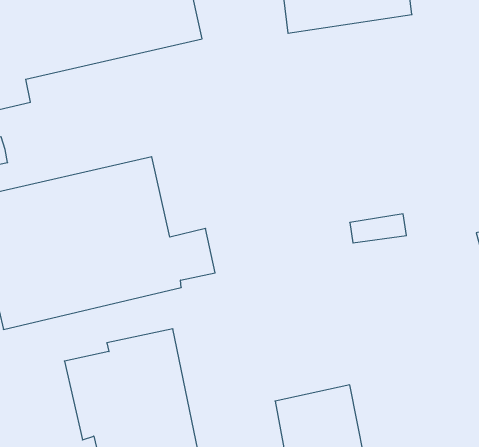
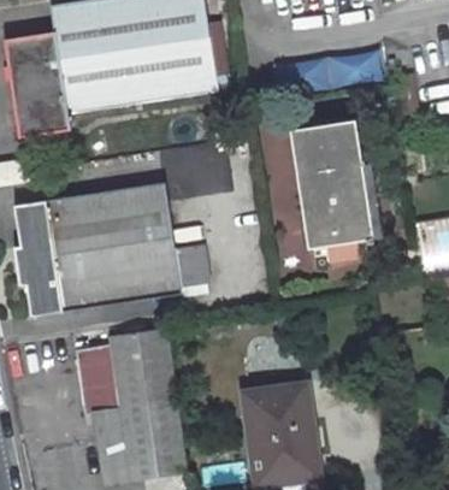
building: none -> [286,119,371,248]

